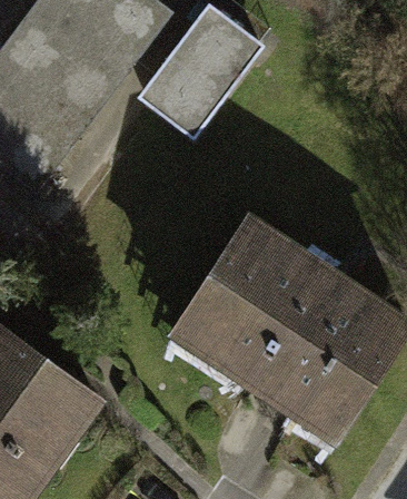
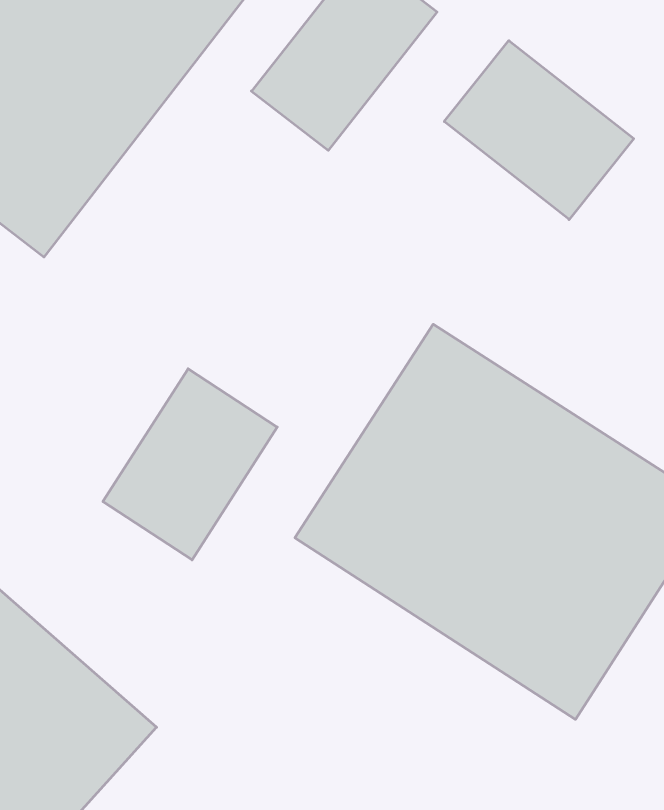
building: none -> [444,41,634,220]
building: none -> [103,369,277,560]

